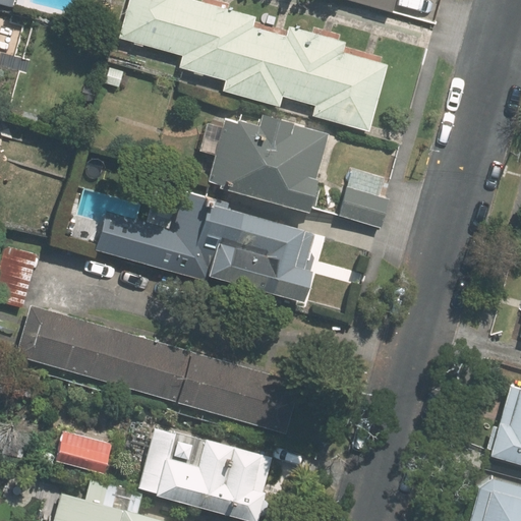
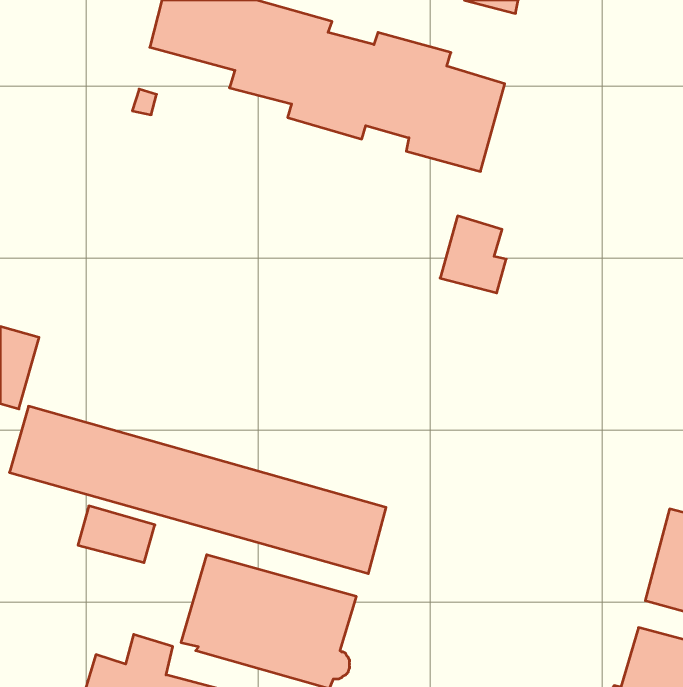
building: [213,108,333,204] -> none
building: [104,192,314,302] -> none
building: [54,435,112,477] -> [78,506,155,563]

